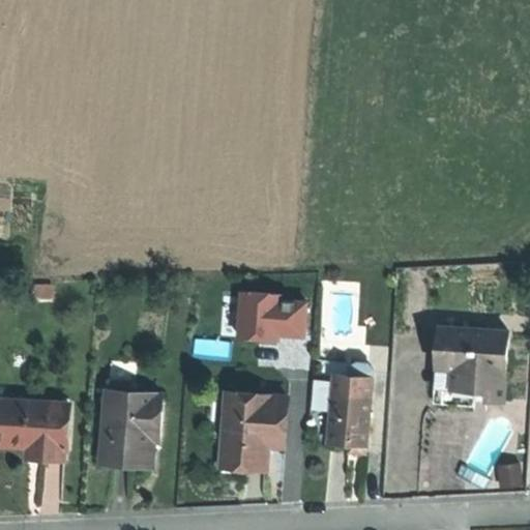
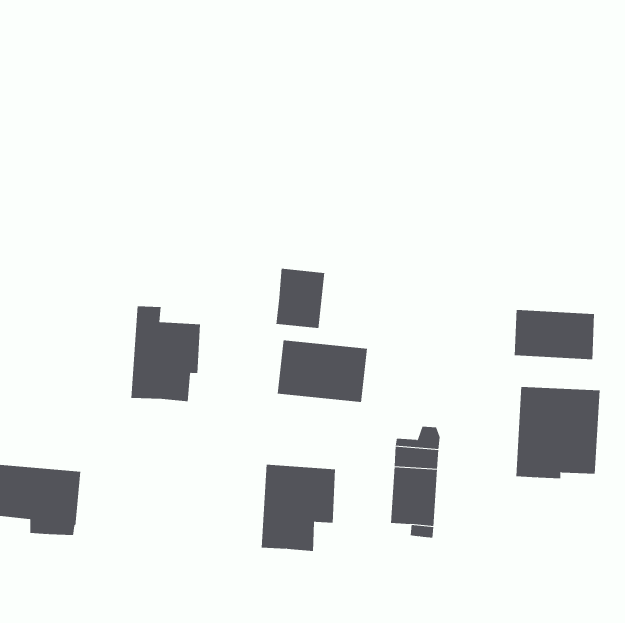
building: none -> [276,268,325,329]
building: none -> [514,309,595,360]
building: [99,382,158,463] -> [131,306,201,402]

